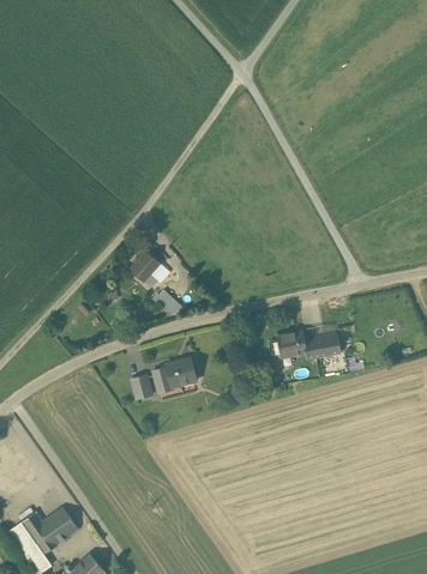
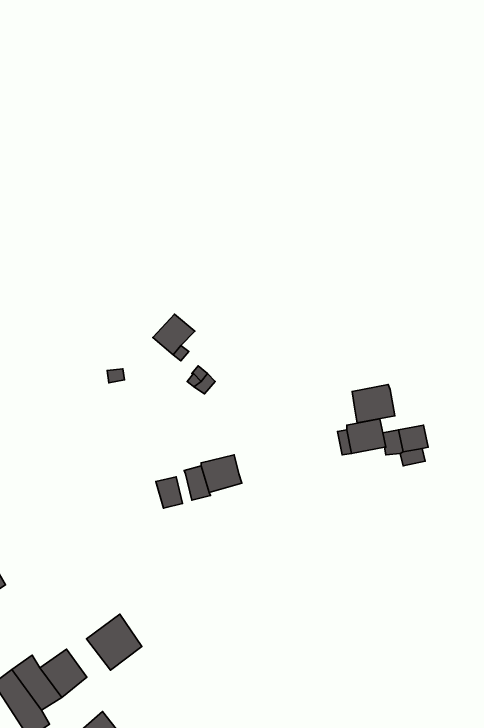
building: none -> [352,384,395,423]
building: none -> [87,614,142,670]

